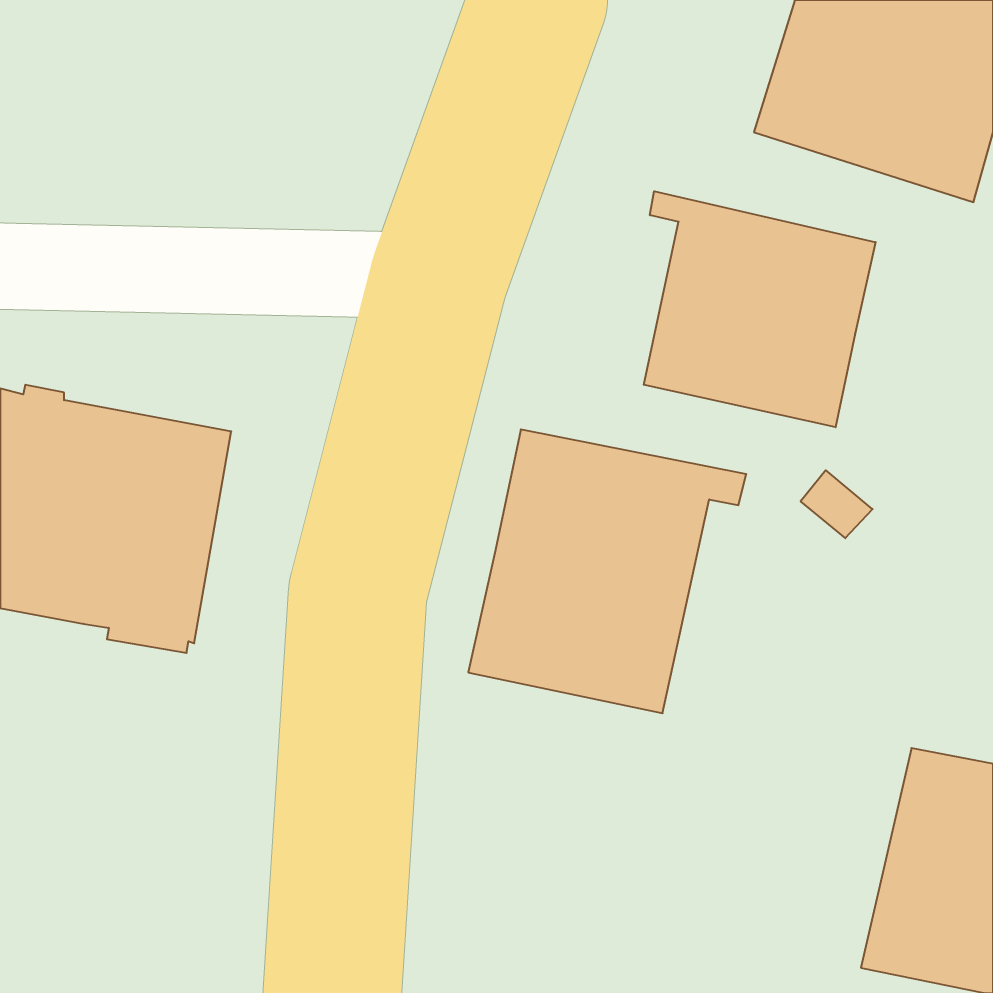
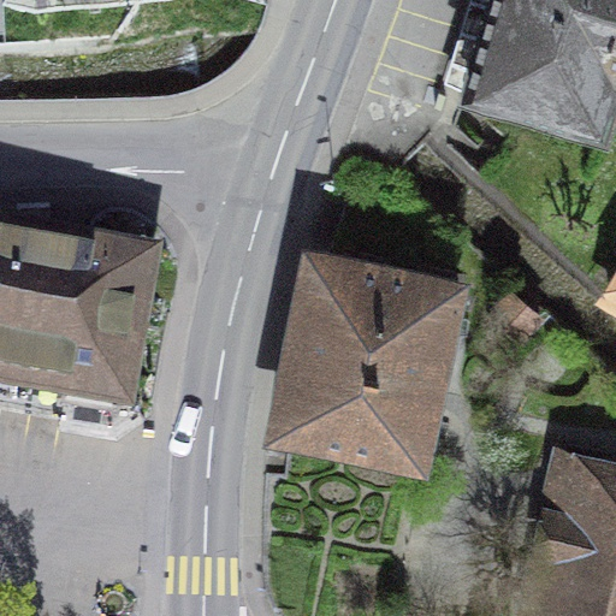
building: [644,191,876,427] -> none

